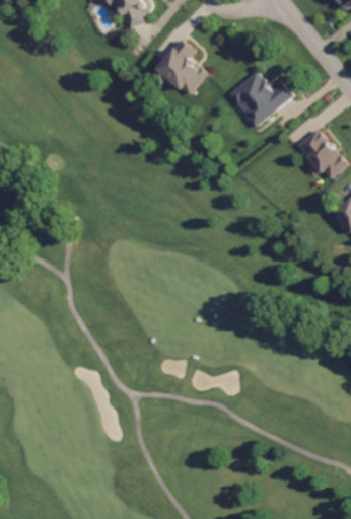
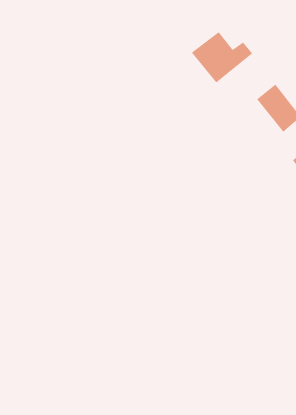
building: [152,47,211,98] -> none

